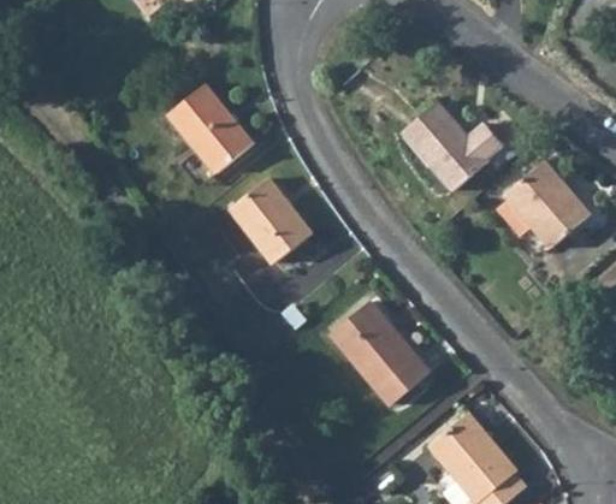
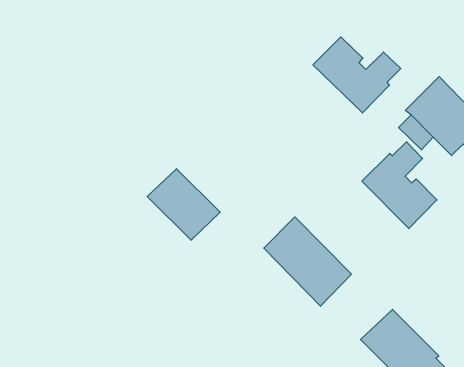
building: [166,88,251,178] -> none
building: [229,182,310,265] -> [147,169,220,240]
building: none -> [362,142,437,229]

